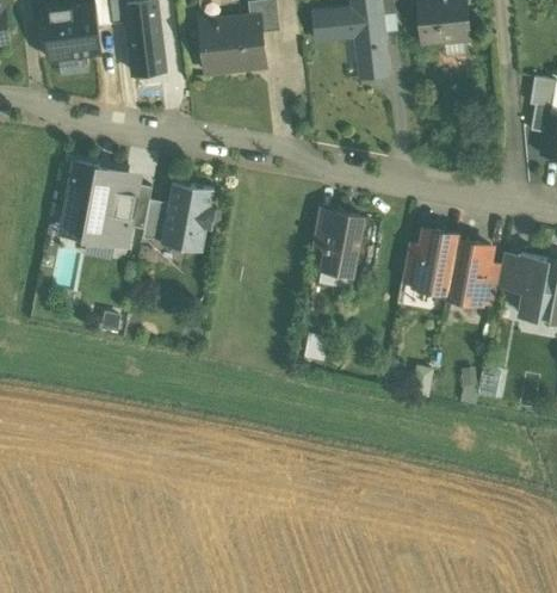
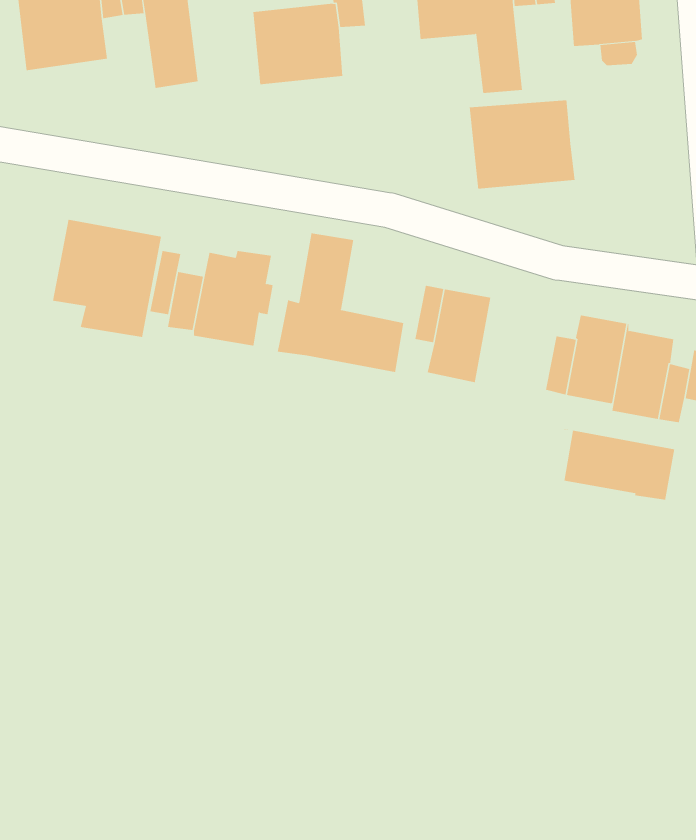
building: none -> [469,99,575,189]
building: none -> [277,232,404,373]
building: none -> [563,428,675,501]

